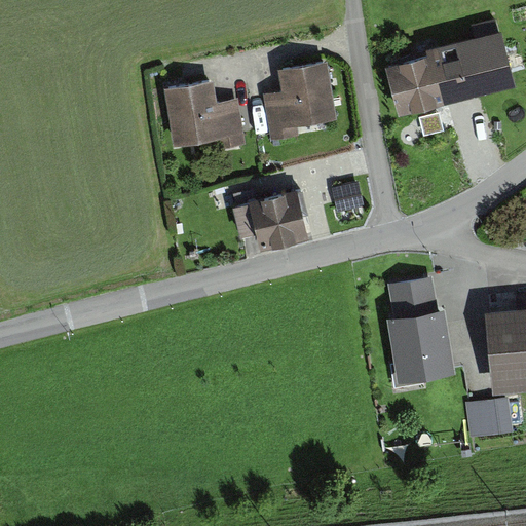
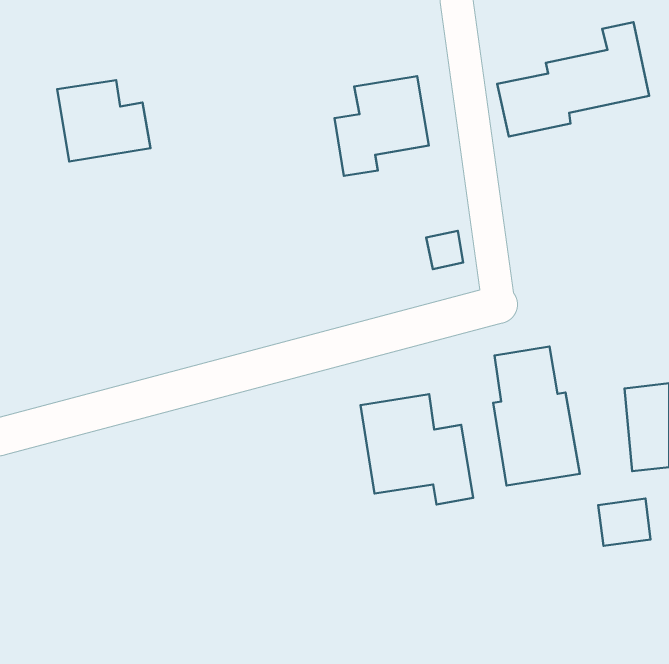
building: [166,81,239,145] -> [57,80,150,161]
building: [235,190,307,248] -> none
building: none -> [361,394,473,504]

